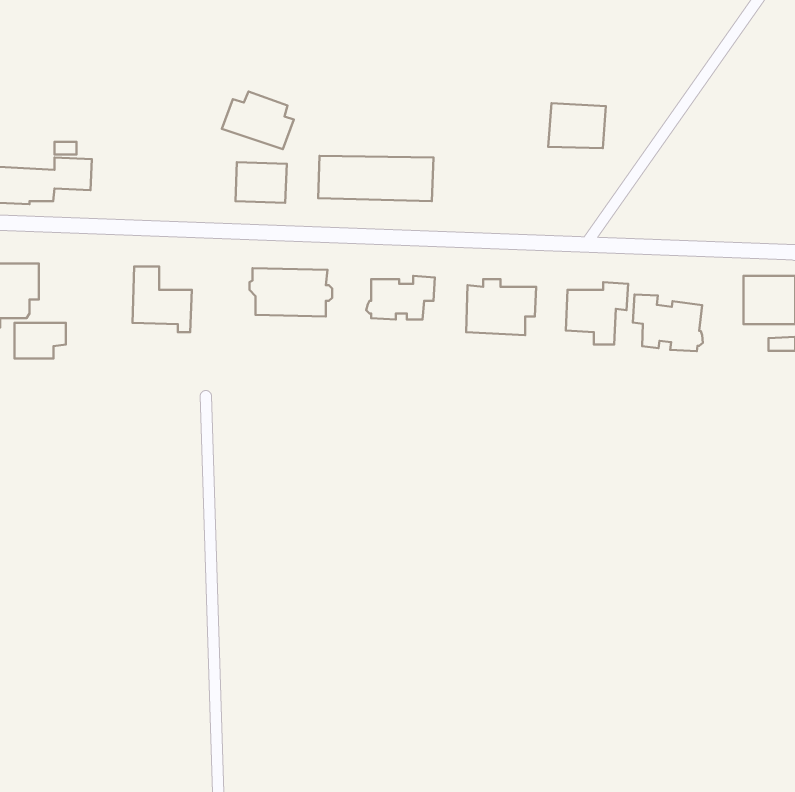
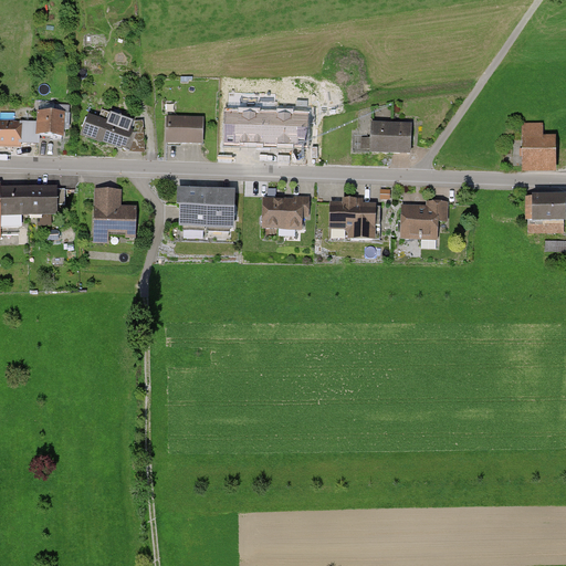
building: [222,91,294,149] -> [83,108,134,149]
building: [548,103,606,148] -> [371,120,412,153]
building: none -> [523,123,554,163]
building: [633,294,703,351] -> none
building: [15,323,66,359] -> [28,187,64,212]

